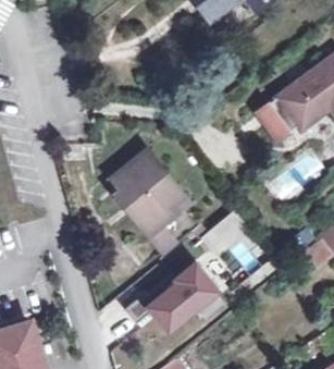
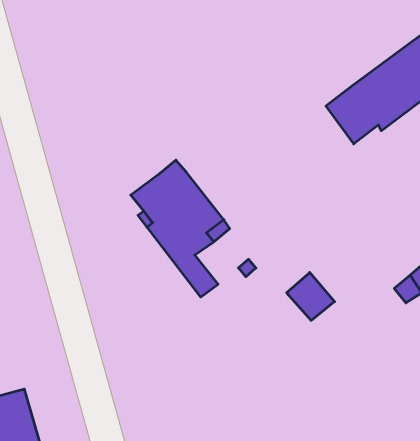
building: [124,262,217,332] -> none

